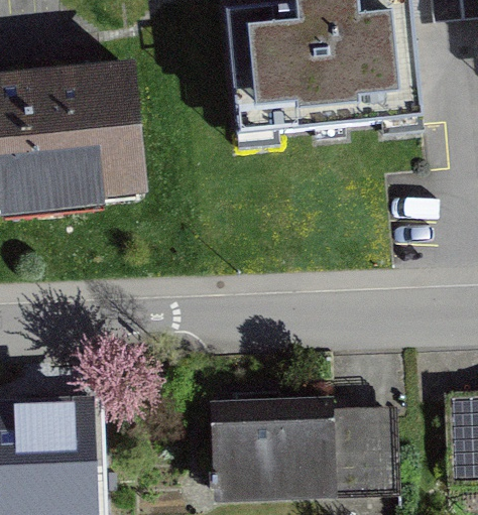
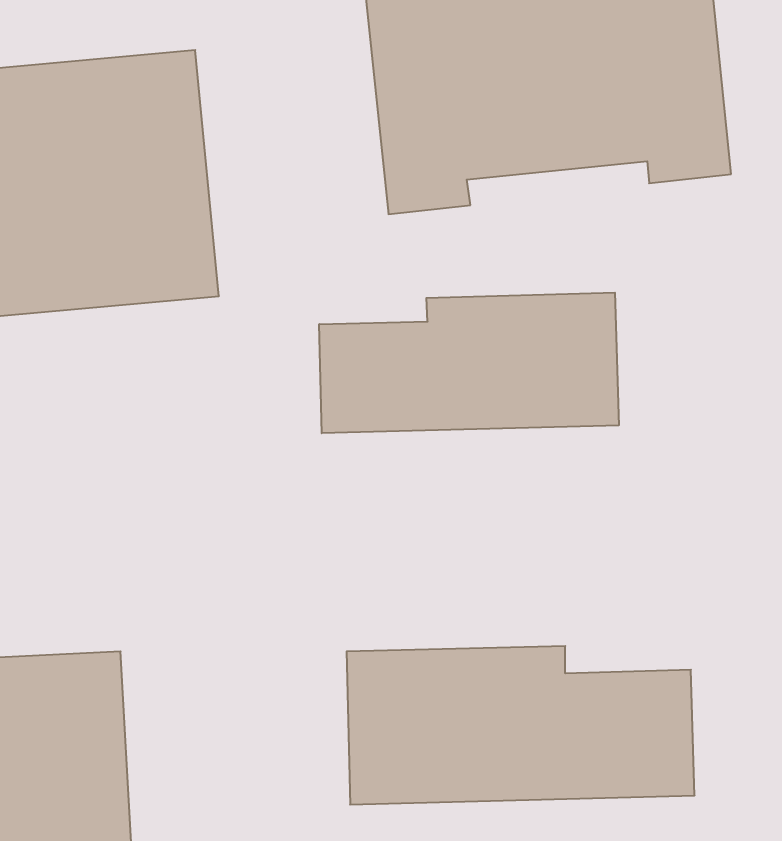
building: none -> [319,293,619,433]

